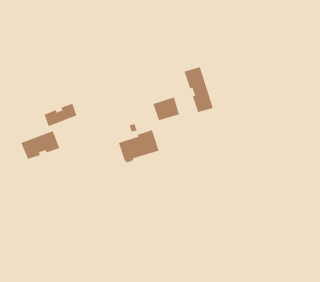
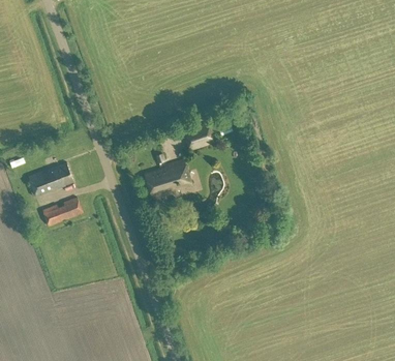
building: [184,66,214,113] -> none
building: [44,103,77,127] -> [42,198,82,225]

